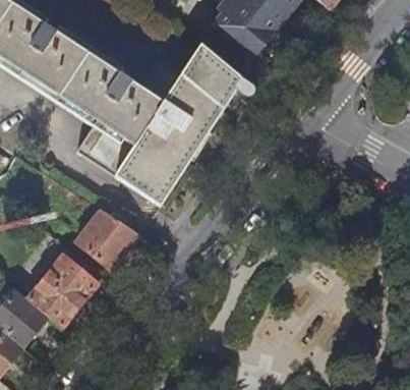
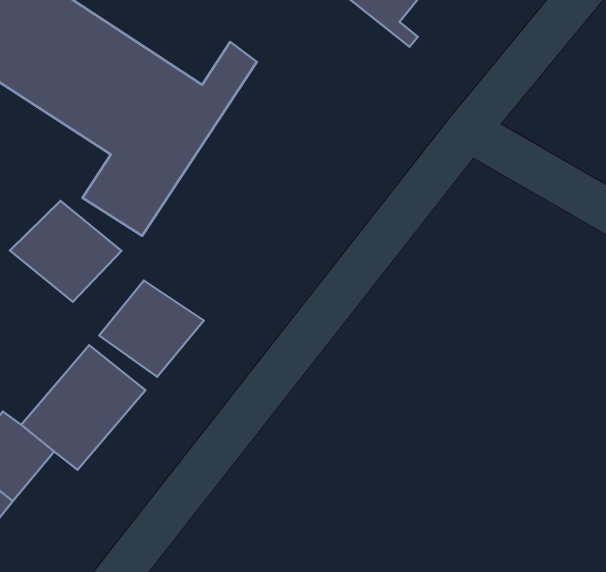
building: [105,45,238,210] -> none
building: none -> [10,201,121,302]

